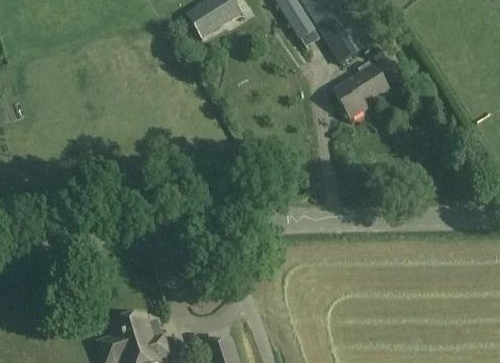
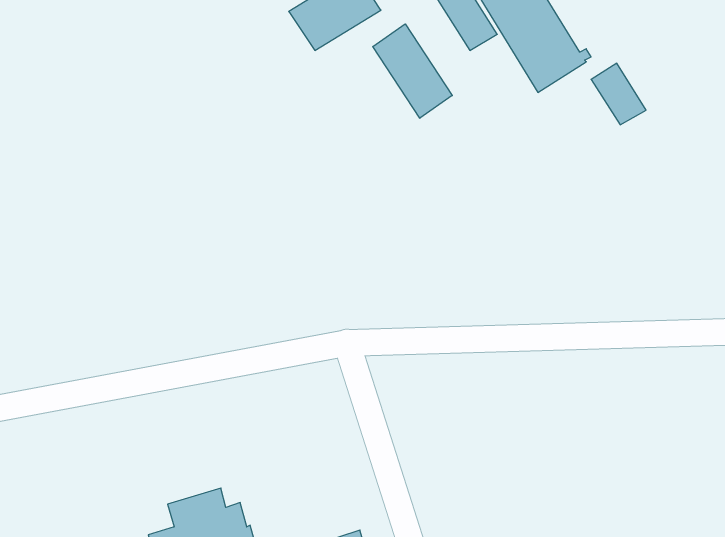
building: none -> [373,24,452,118]
building: [335,66,390,118] -> none

